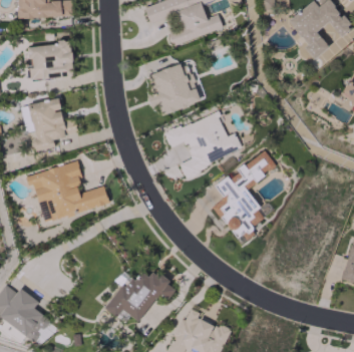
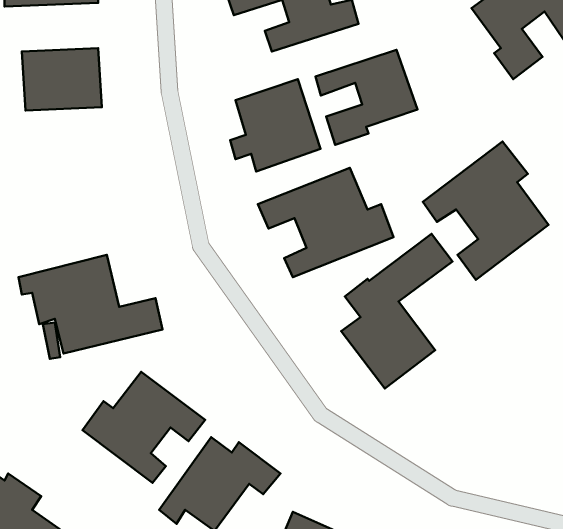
building: none -> [316,50,417,145]
building: none -> [423,142,548,280]
building: [21,98,79,152] -> none
building: none -> [82,372,205,483]

